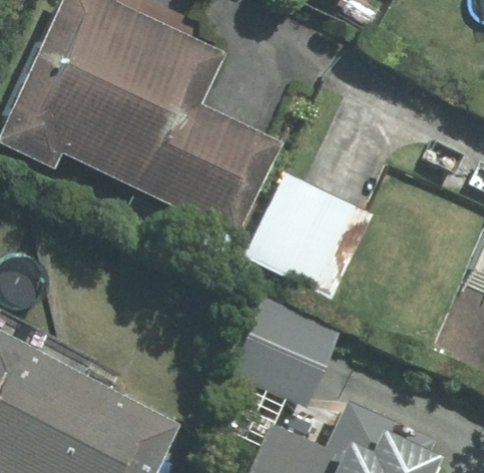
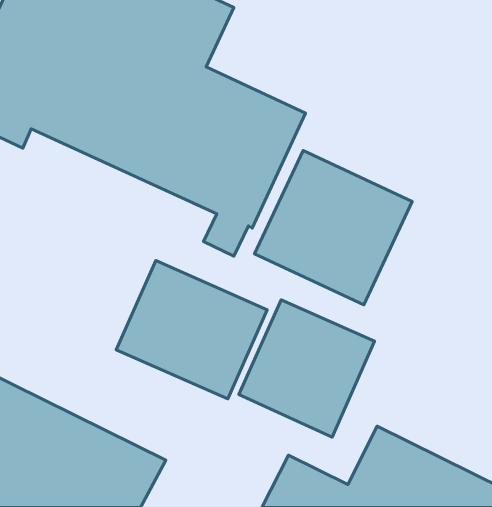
building: none -> [116,261,267,399]

